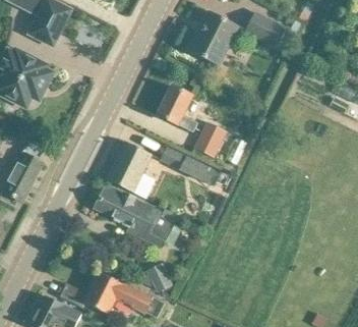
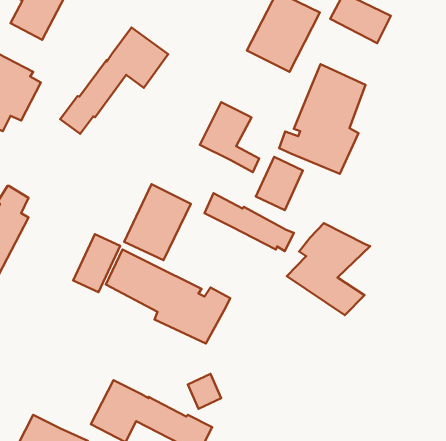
building: none -> [60,28,168,134]
building: none -> [279,64,365,174]
building: none -> [287,223,370,315]
building: none -> [73,234,120,292]

